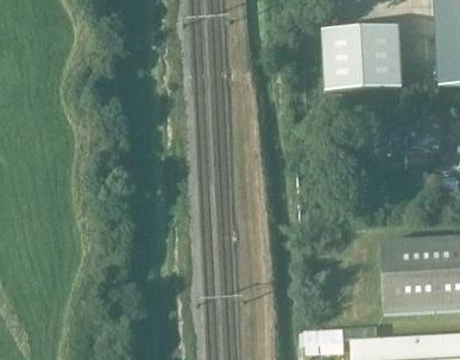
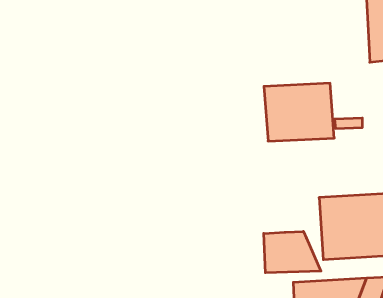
building: [322,24,403,90] -> [264,83,334,141]
building: none -> [264,231,321,273]

